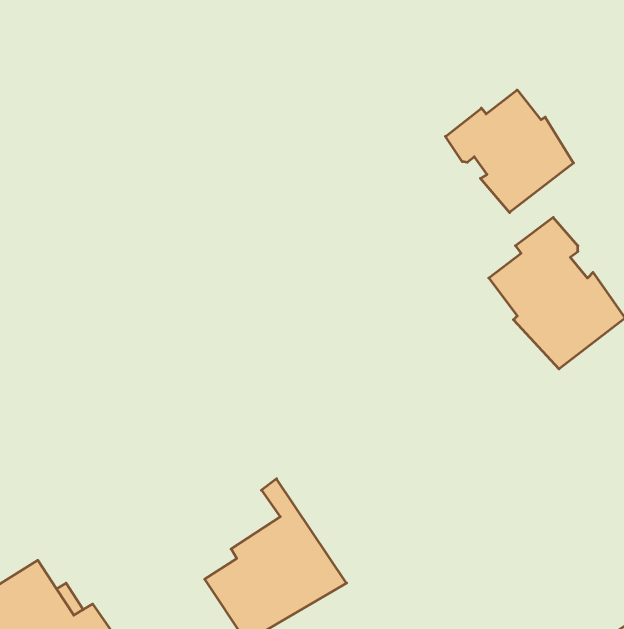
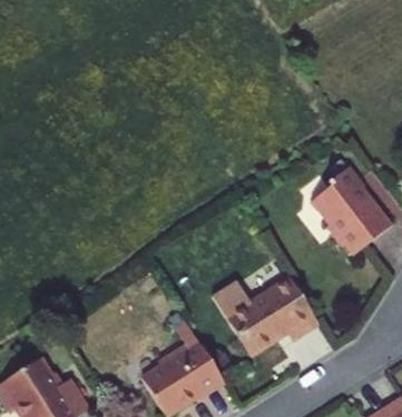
building: [445,90,574,213] -> none
building: none -> [216,275,320,355]

